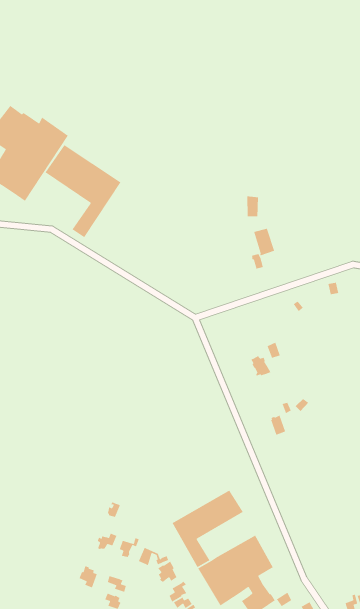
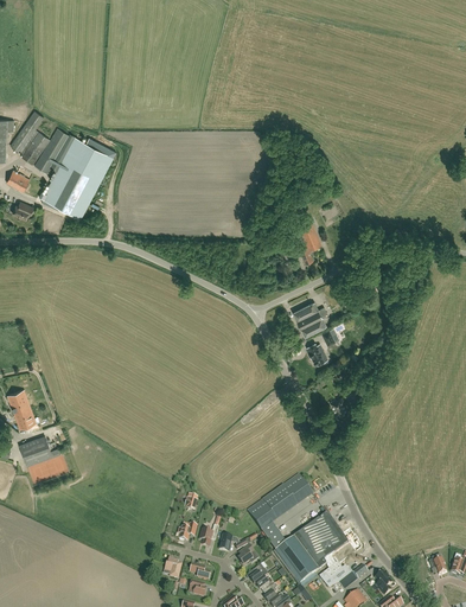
building: [44,144,121,238] -> none
building: none -> [293,302,327,337]

